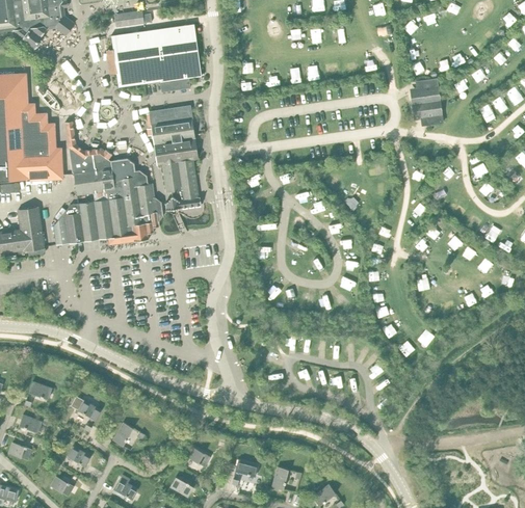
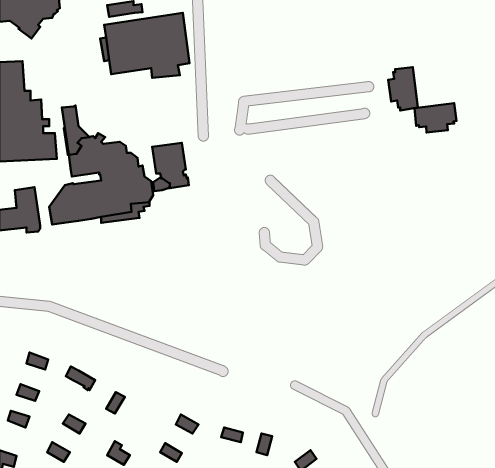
building: [149,106,198,164] -> none
building: none -> [415,103,456,132]

